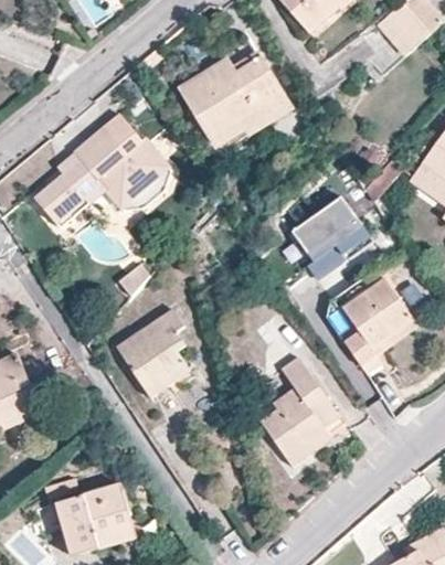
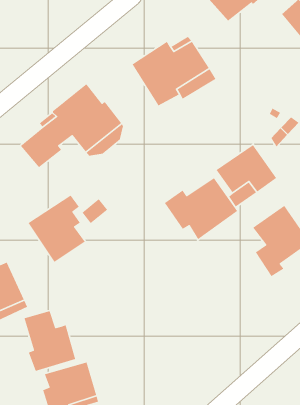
building: none -> [164,177,238,240]
building: [115,307,192,397] -> [27,194,86,263]
building: [259,355,339,467] -> none
building: none -> [23,310,76,372]

